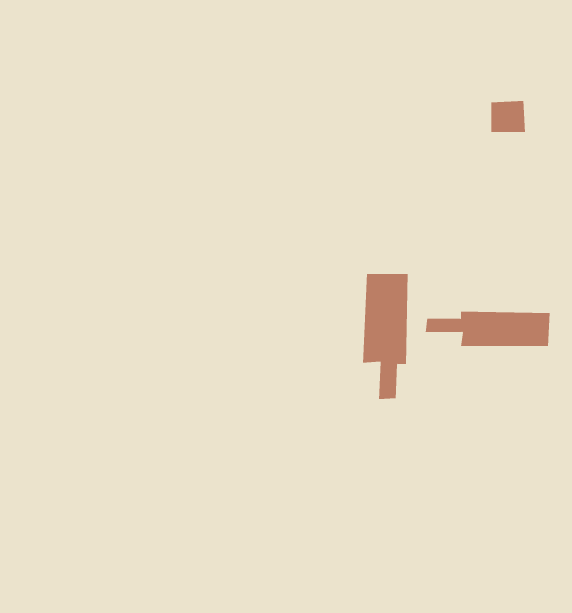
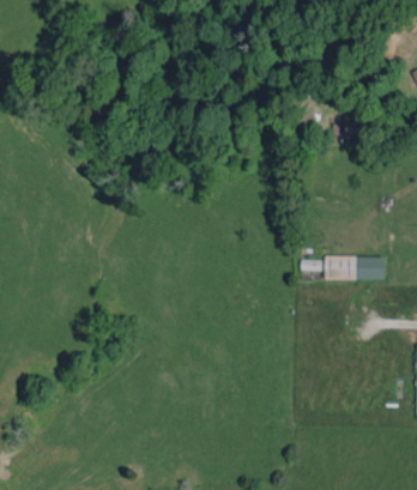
building: [362,273,408,400] -> none

